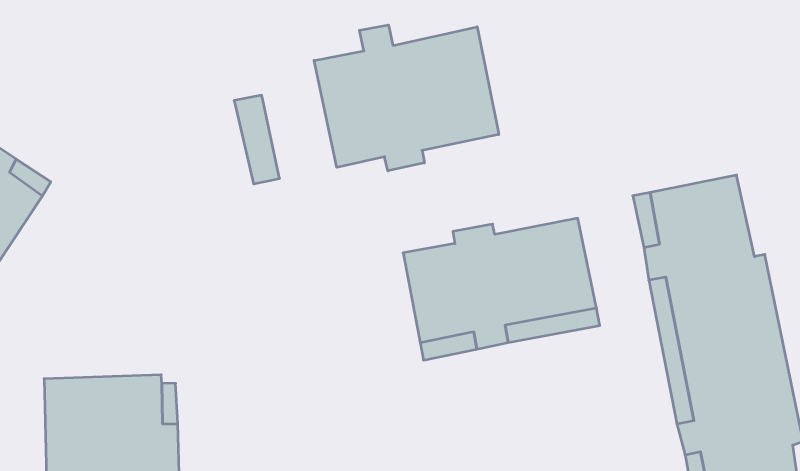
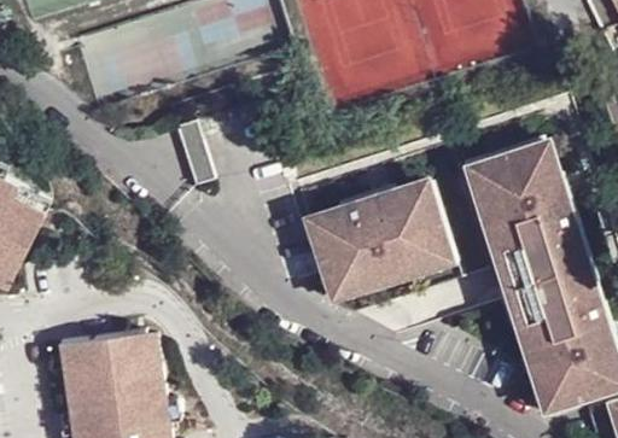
building: [314,25,499,171] -> none

